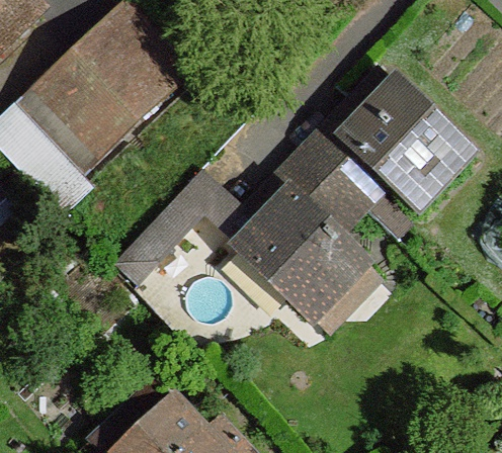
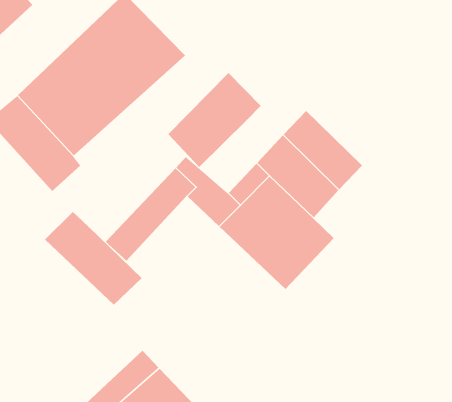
building: none -> [167,72,261,168]
building: [346,85,464,201] -> none
building: none -> [44,211,142,305]

